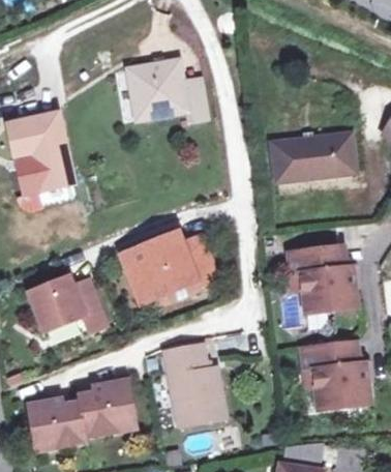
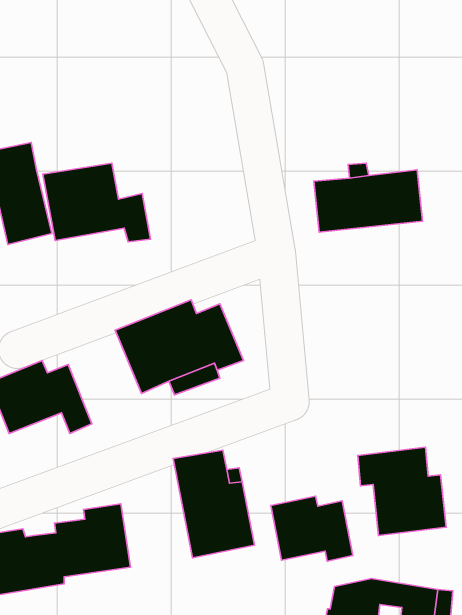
building: [127,59,208,118] -> [43,163,150,242]
building: [290,245,358,312] -> none
building: none -> [271,496,353,561]

